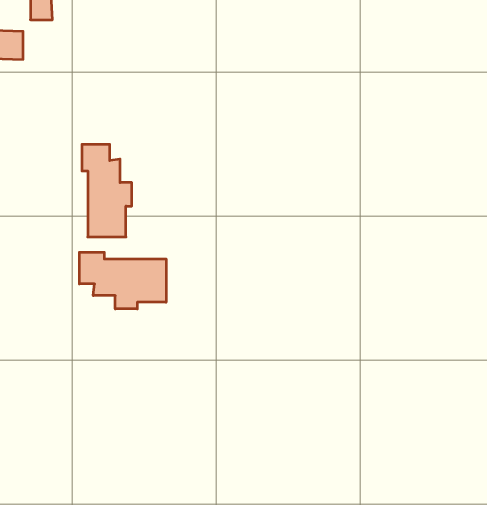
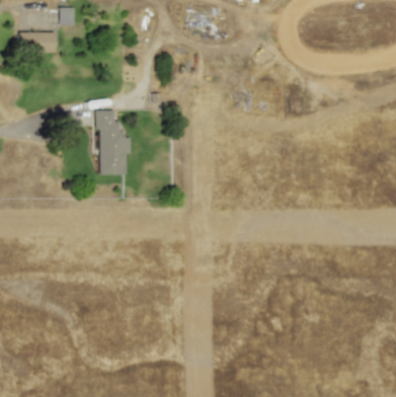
building: [79,252,166,309] -> none

